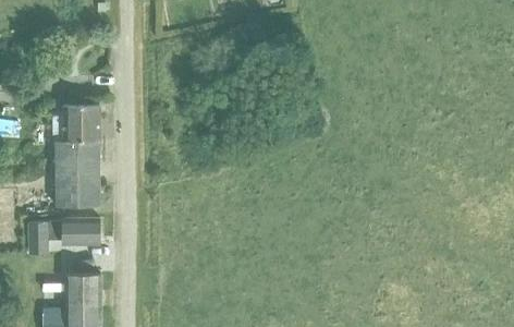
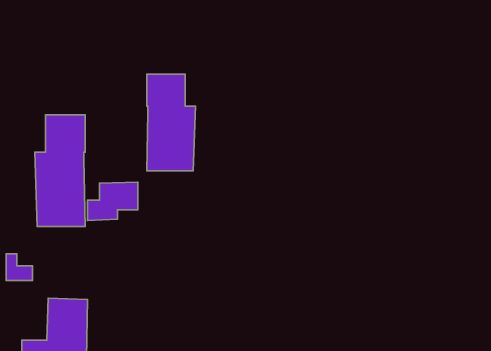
building: none -> [147,74,196,171]
building: [53,218,99,253] -> [87,182,138,220]

